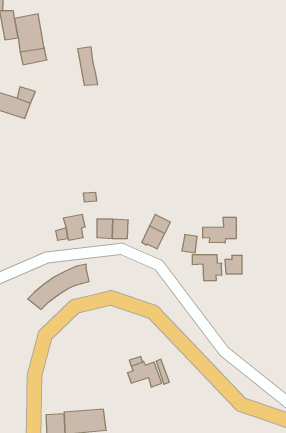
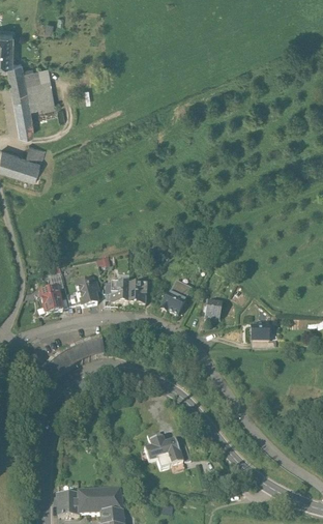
building: [78,47,98,85] -> [12,90,34,132]
building: none -> [41,280,62,313]
building: [203,217,236,243] -> none
building: [192,255,222,281] -> none

